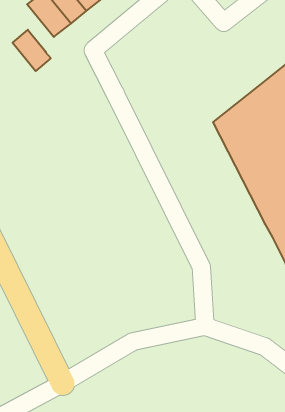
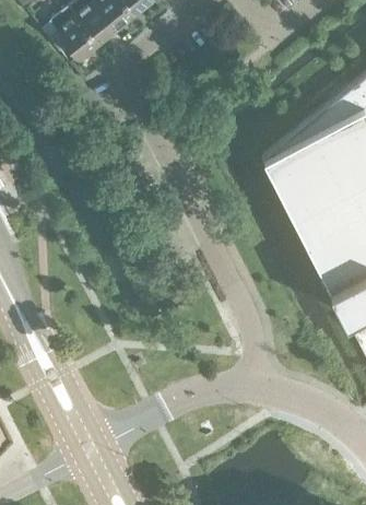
building: [13,30,51,71] -> none

